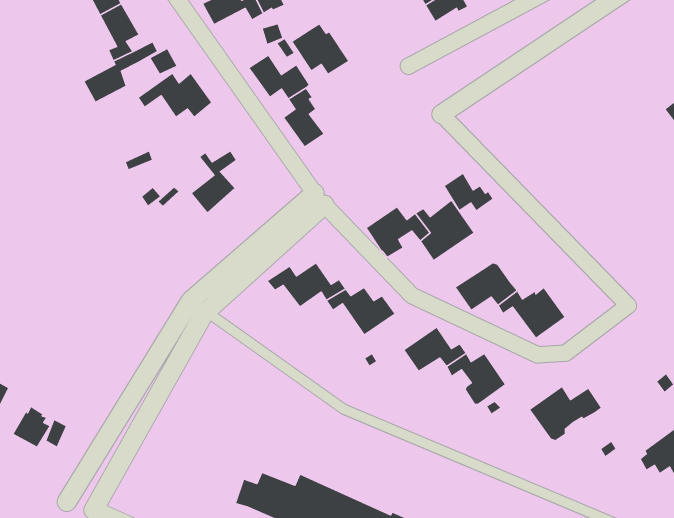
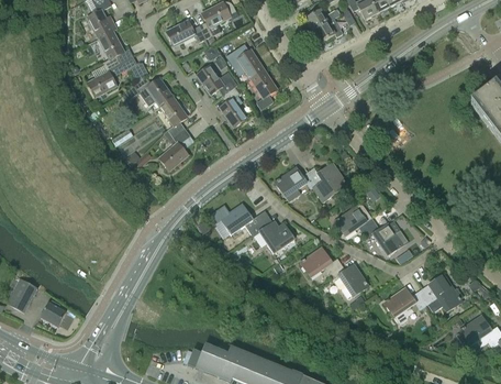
building: none -> [249,69,277,109]
building: none -> [160,97,187,136]
building: [444,173,494,211] -> none
building: none -> [423,274,464,312]

